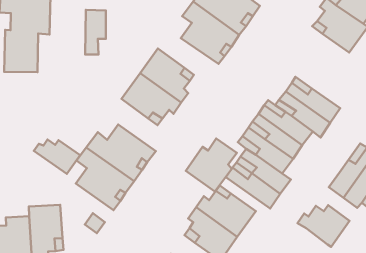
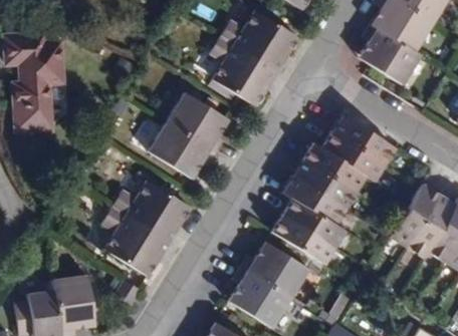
building: [85,10,106,55] -> none
building: [186,138,237,192] -> none
building: [34,139,80,174] -> none
building: [298,205,349,247] -> none

